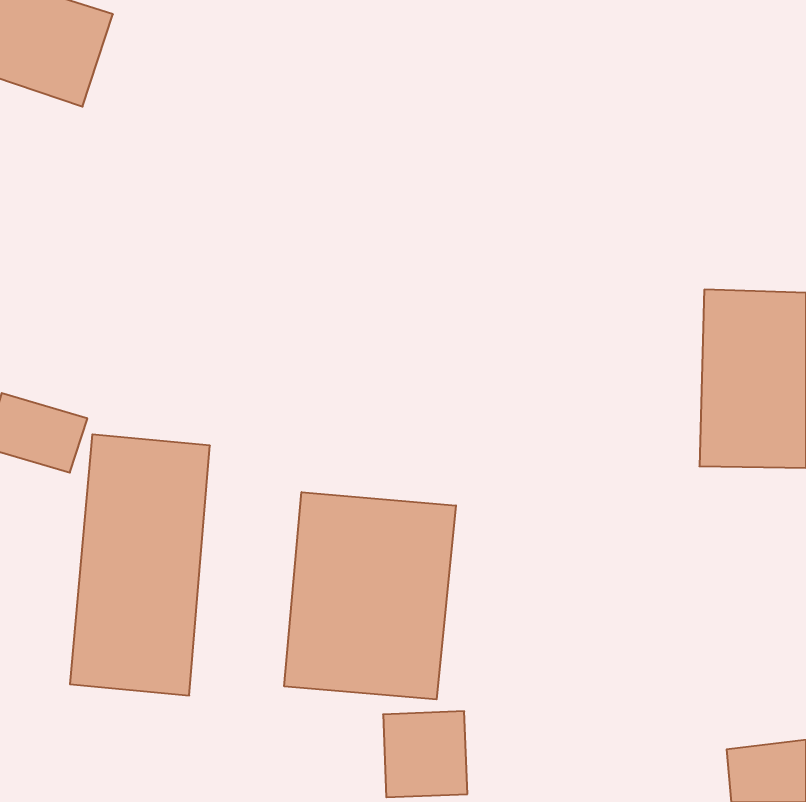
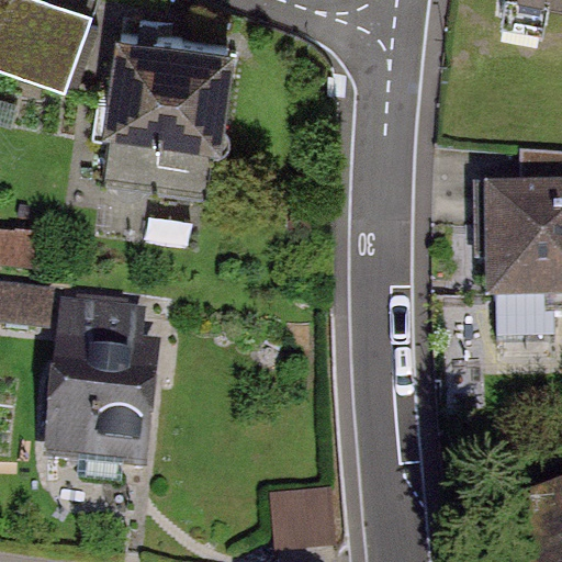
building: none -> [110,41,234,171]
building: [284,492,456,699] -> none

